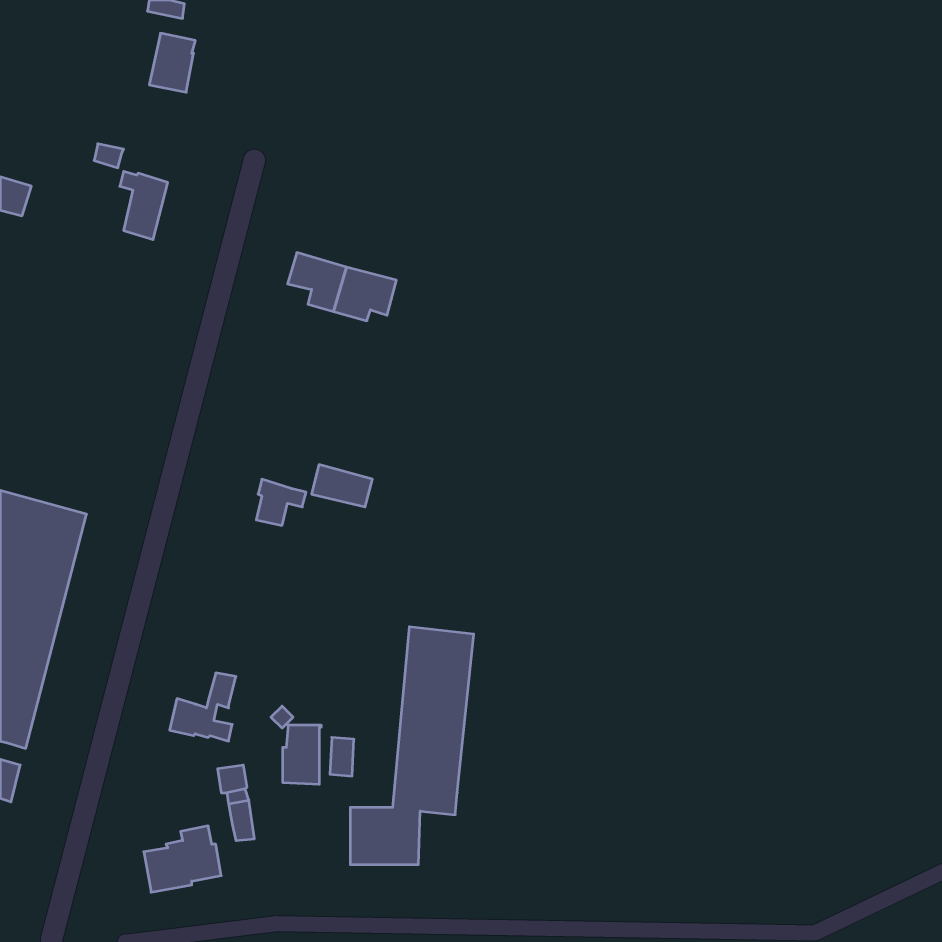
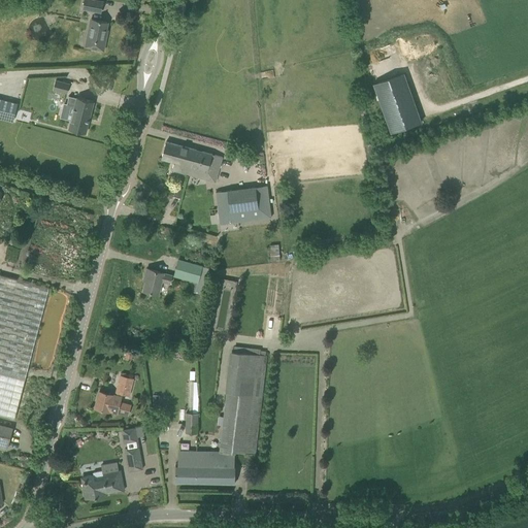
building: none -> [373,72,421,133]
building: none -> [216,186,271,224]
building: [283,725,321,784] -> [175,451,197,484]

